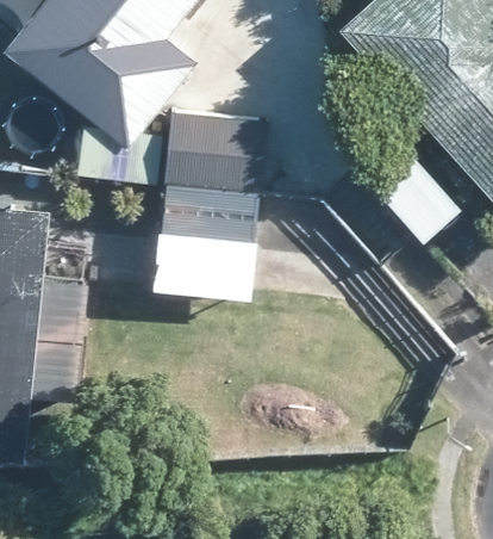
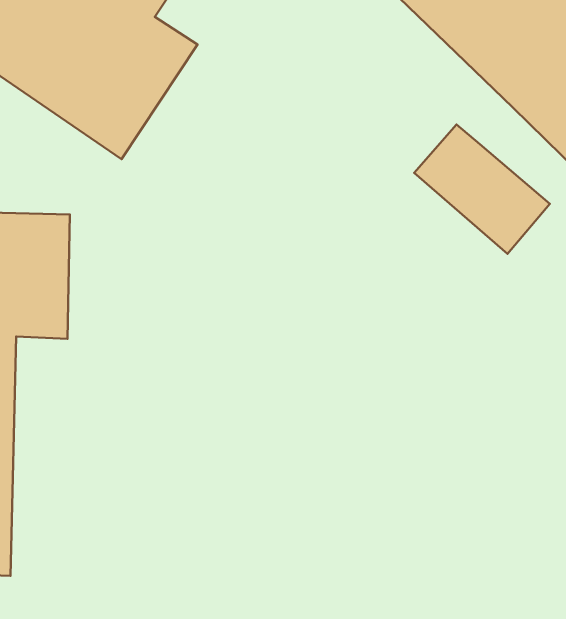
building: [160,113,264,248] -> none

